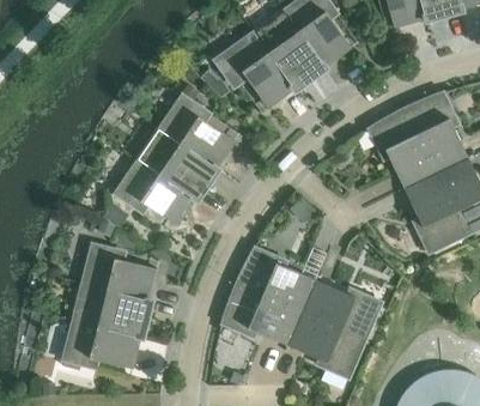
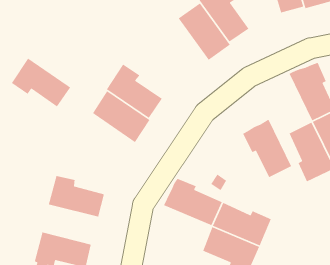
building: [214,31,297,108] -> none
building: [369,108,436,188] -> [242,118,292,178]
building: [115,159,199,226] -> [11,57,73,107]
building: [73,284,153,338] -> none
building: [221,285,302,346] -> none

